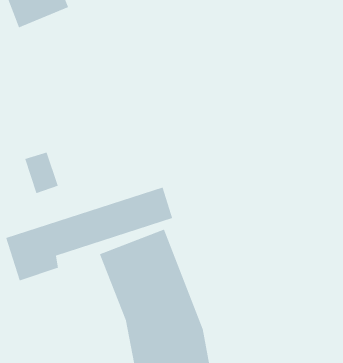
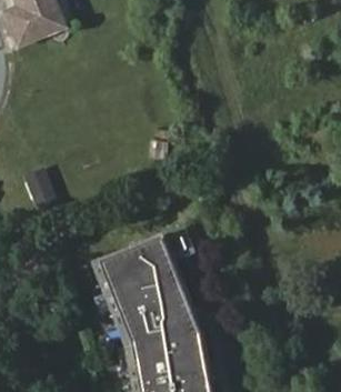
building: [5,186,173,282] -> none

